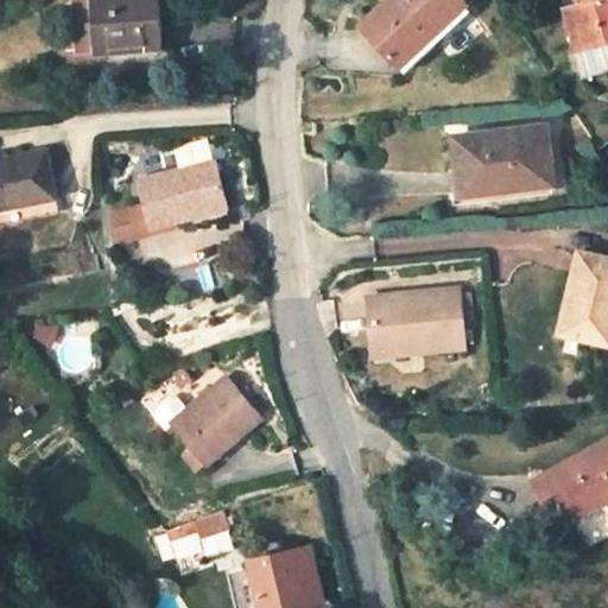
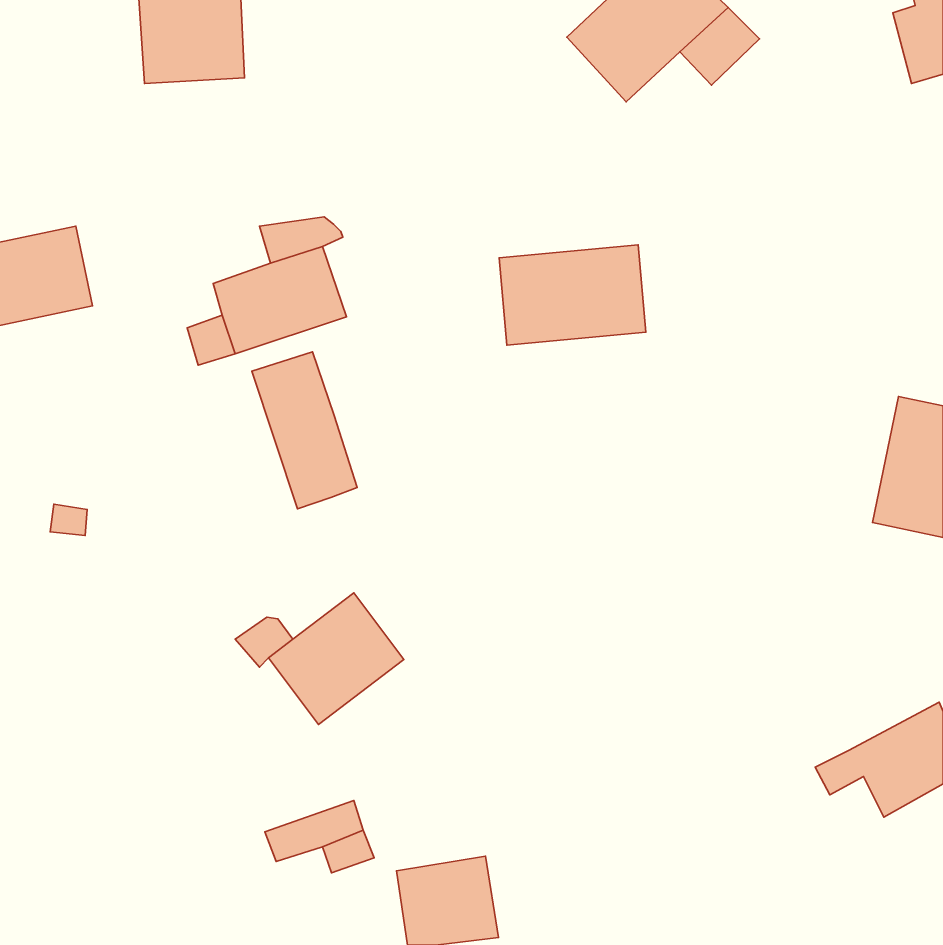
building: [451,127,545,191] -> [499,245,646,345]
building: none -> [252,352,357,509]
building: [370,291,466,357] -> none

